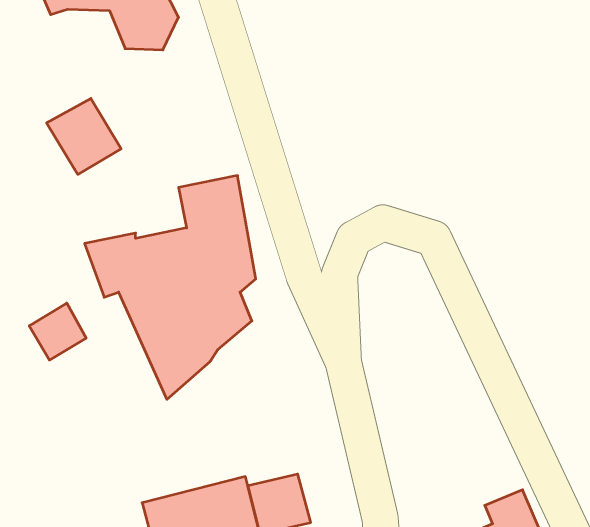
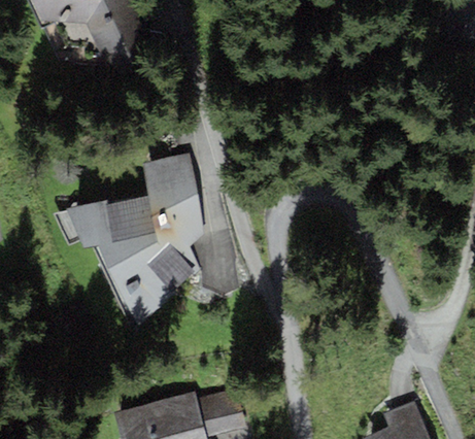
building: [47,98,121,174] -> none
building: [29,303,86,360] -> none

